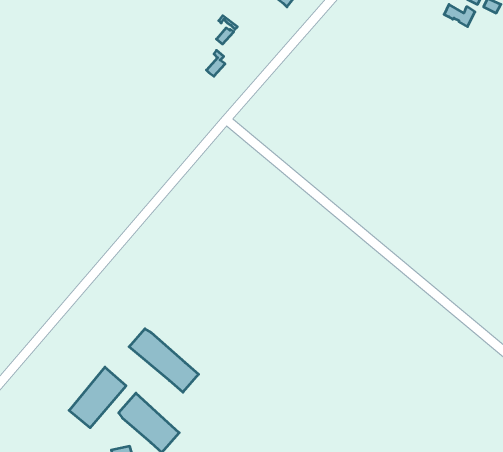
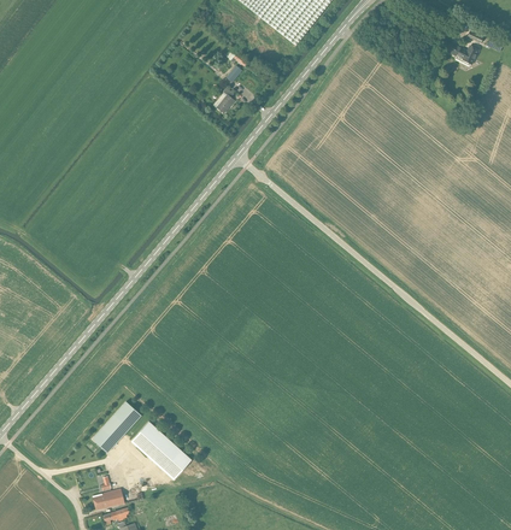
building: [129,329,199,392] -> none

